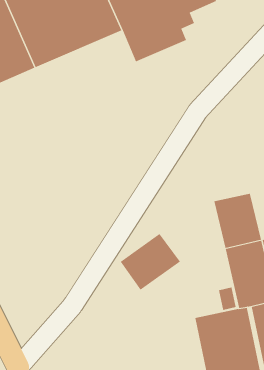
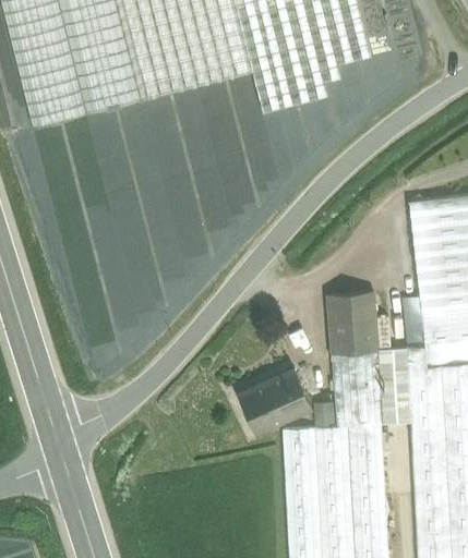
building: [120,233,181,290] -> [240,368,313,433]

